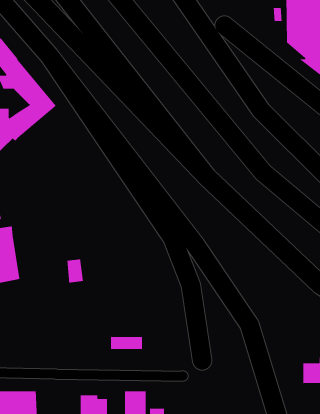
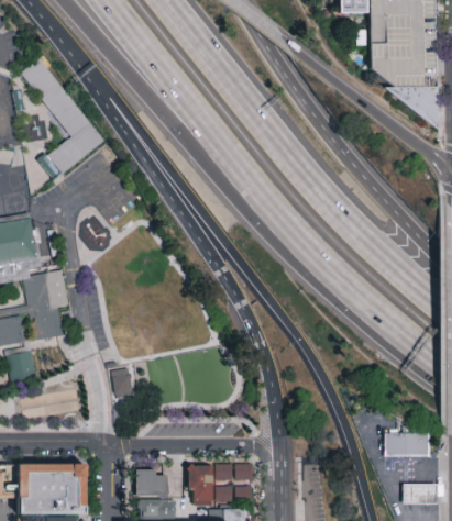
building: [67,258,84,283] -> [112,366,132,395]
building: [110,336,143,350] -> [213,464,251,479]

